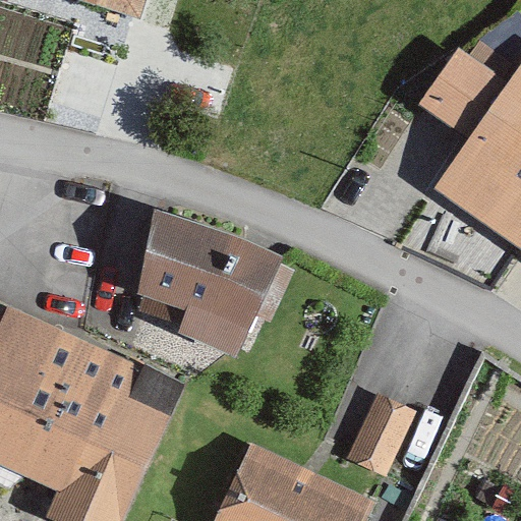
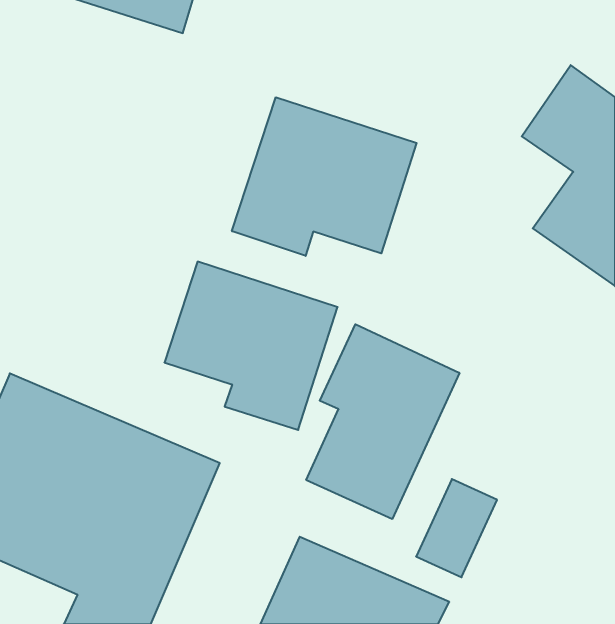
building: none -> [232,97,417,256]
building: none -> [306,324,459,519]

